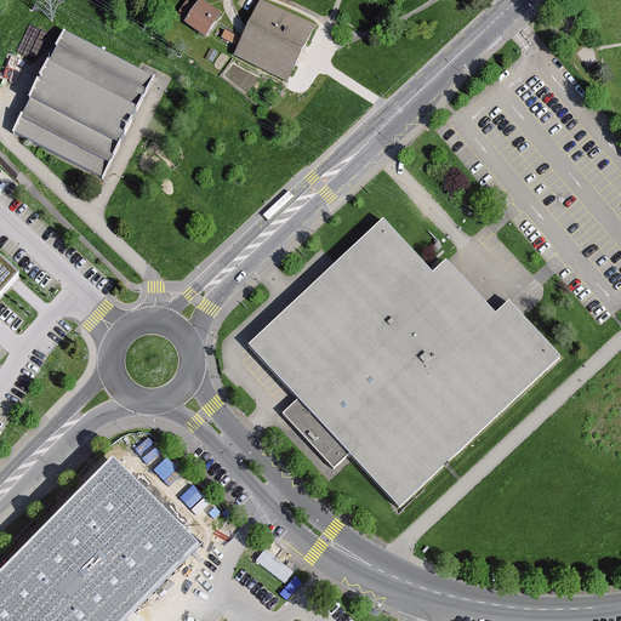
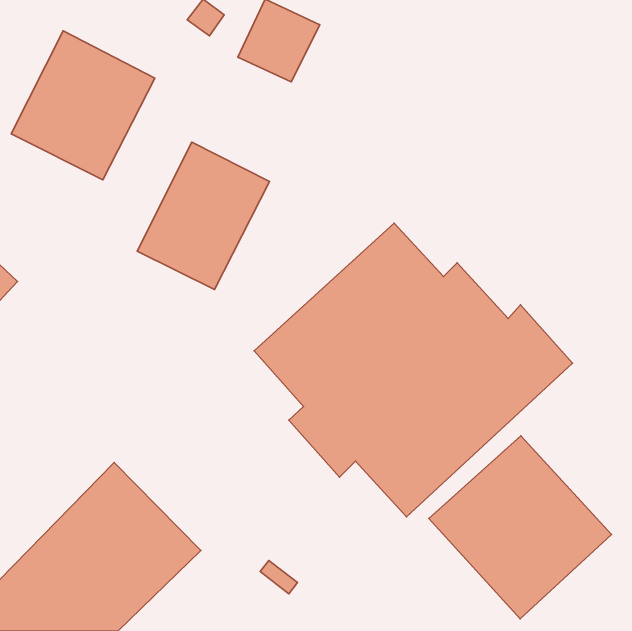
building: none -> [137,142,270,289]
building: none -> [429,436,612,619]

